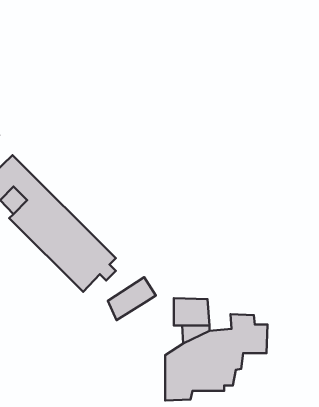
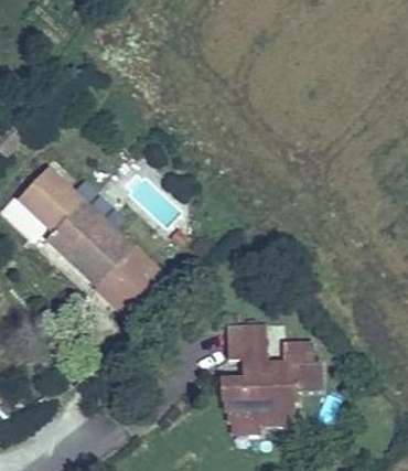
building: [108,277,156,320] -> none

